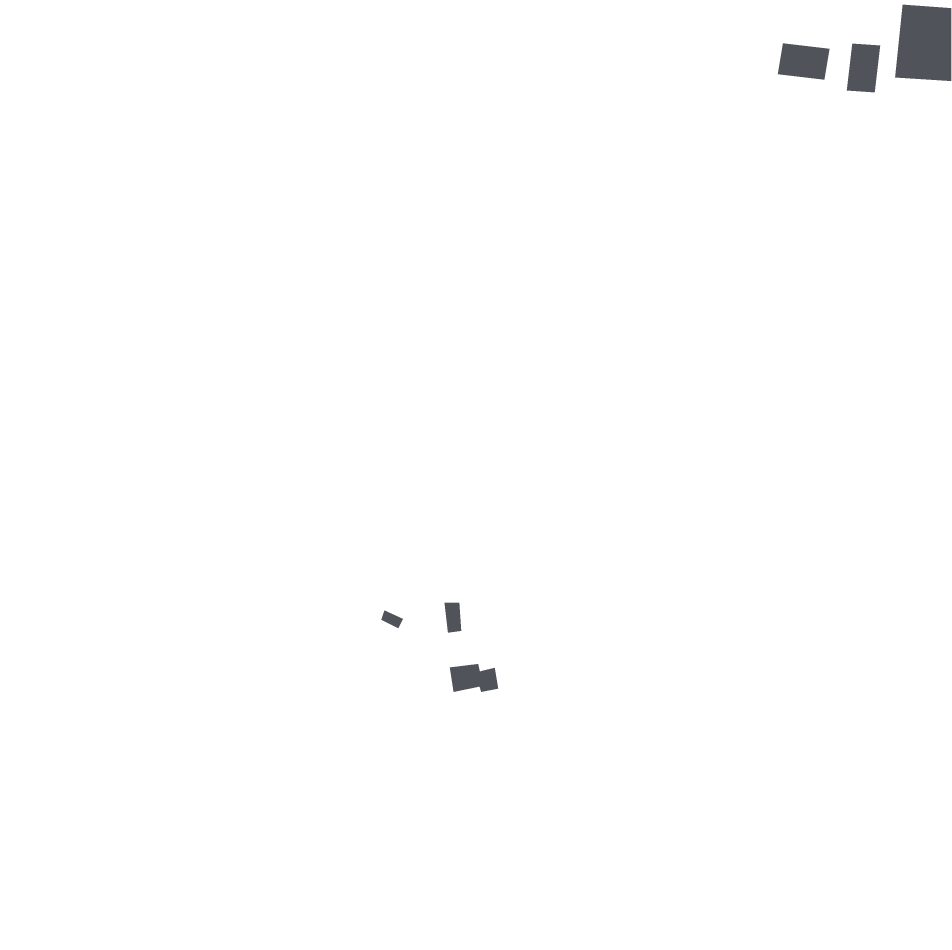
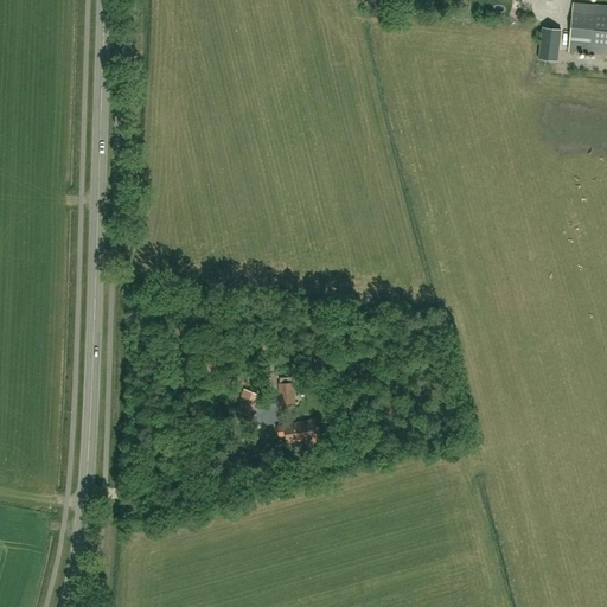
building: [777,42,830,81] -> none

